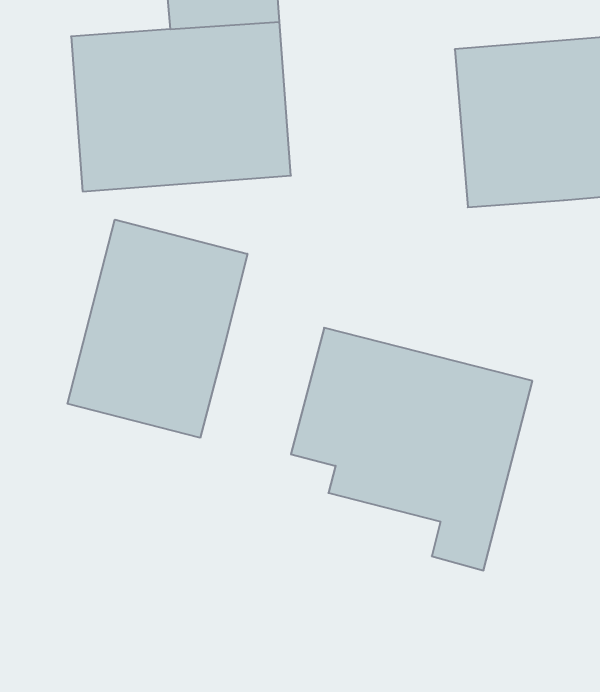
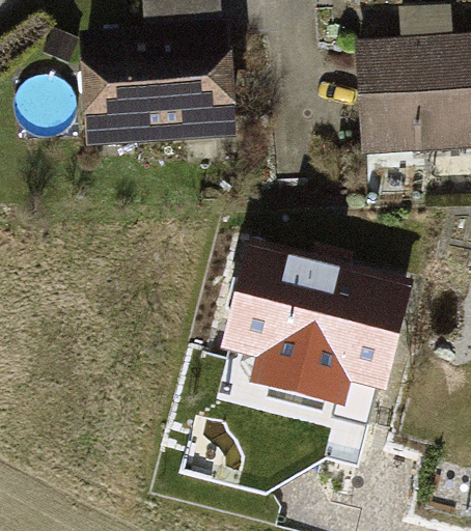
building: [67,220,247,438] -> none

